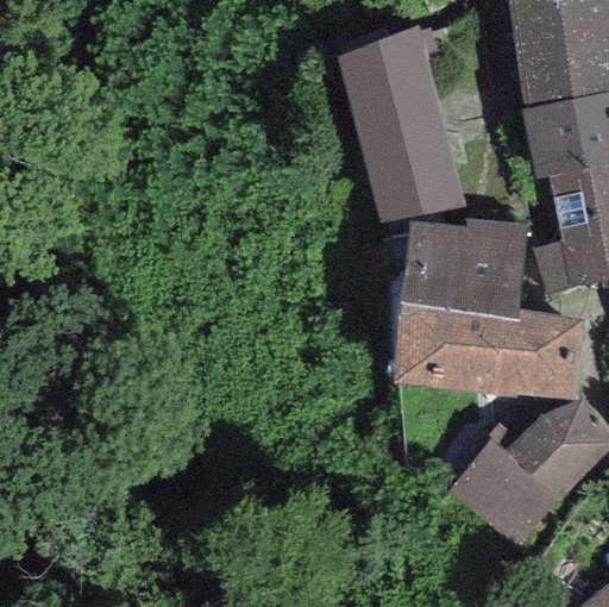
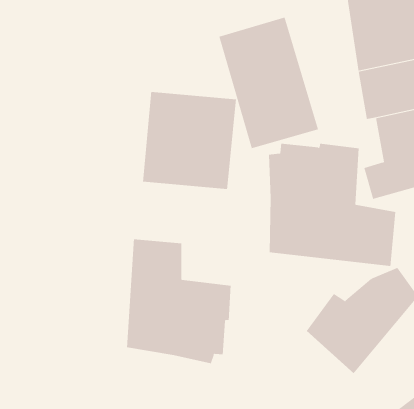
building: none -> [143,91,237,190]
building: none -> [126,239,231,364]

